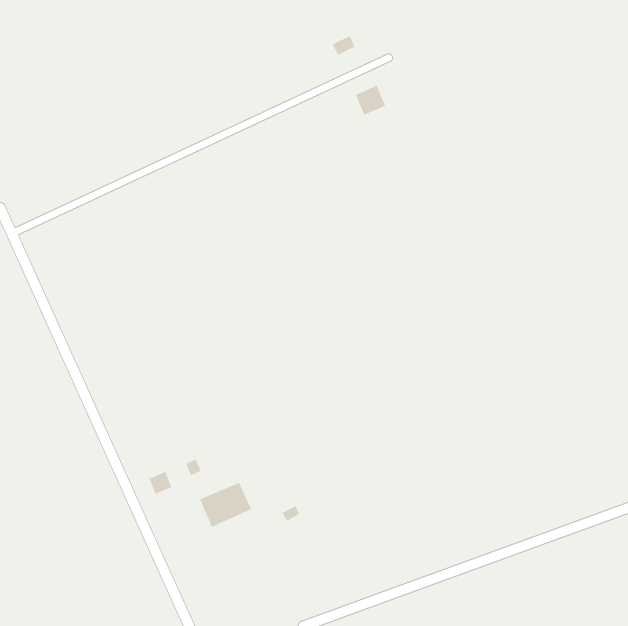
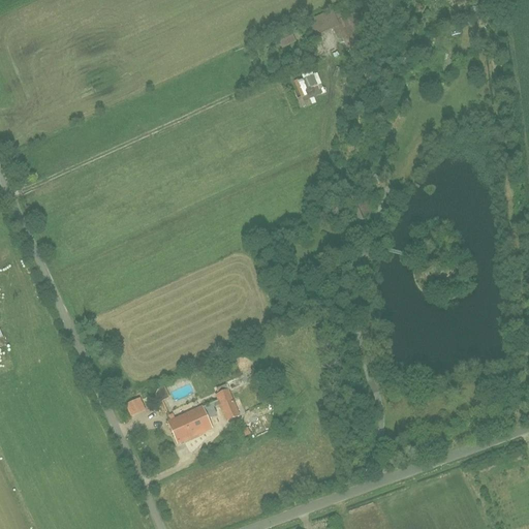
building: none -> [216,387,240,418]

